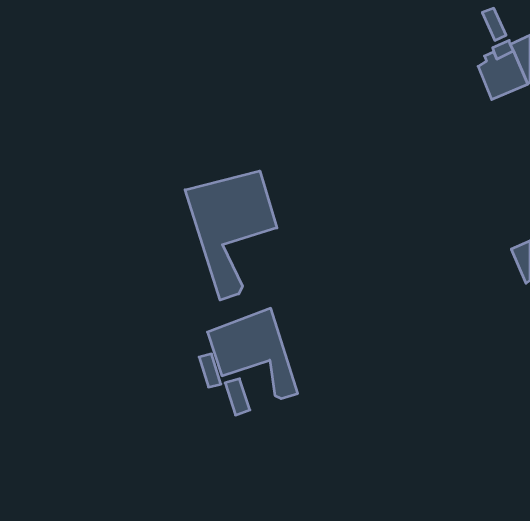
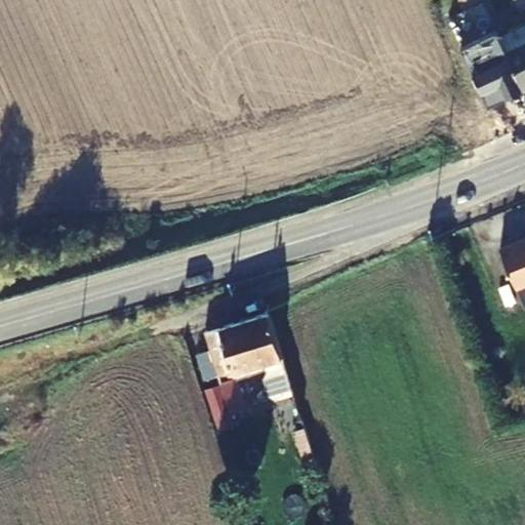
building: [185,171,277,300] -> none

